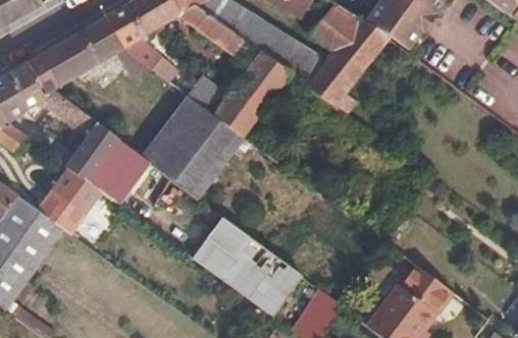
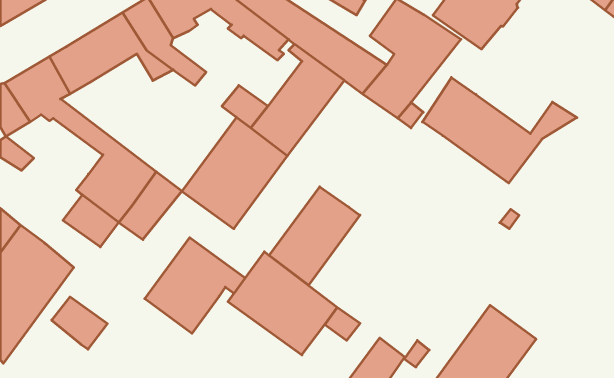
building: none -> [422,77,577,183]
building: none -> [269,187,360,285]
building: [38,190,85,234] -> [52,297,107,349]
building: none -> [145,238,245,333]

